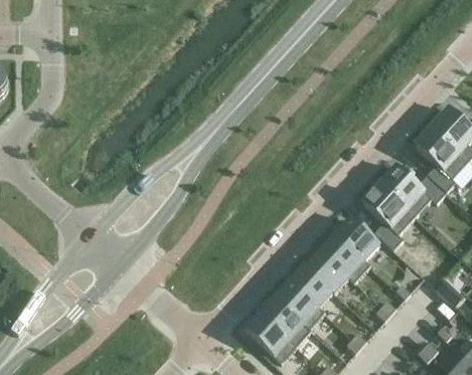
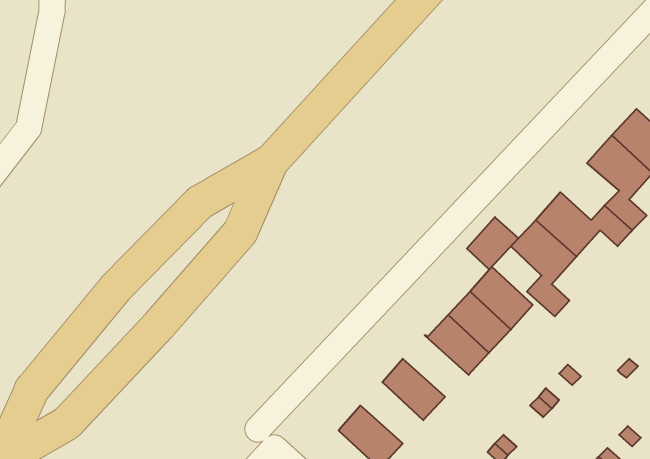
building: none -> [467,217,518,270]
building: [288,264,333,307] -> none
building: [259,297,302,339] -> none

